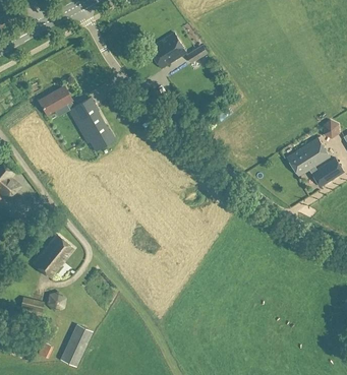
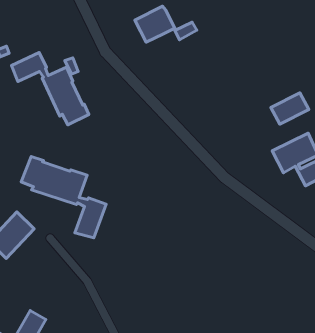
building: none -> [271,93,309,124]
building: none -> [21,157,106,238]

